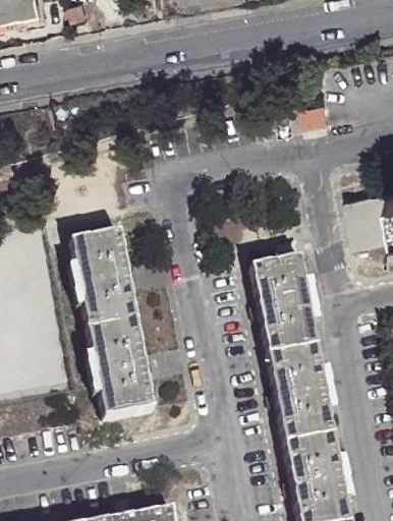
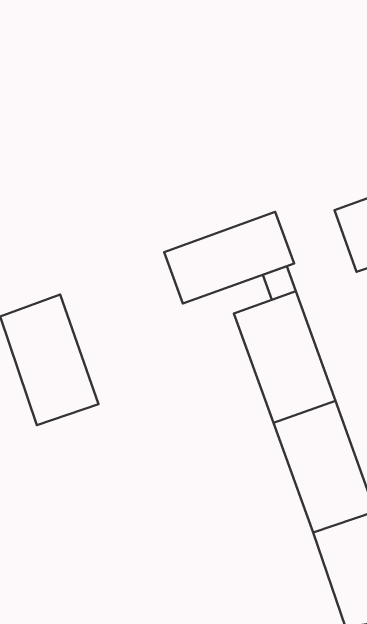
building: none -> [164,212,294,304]
building: [88,322,155,421] -> none

